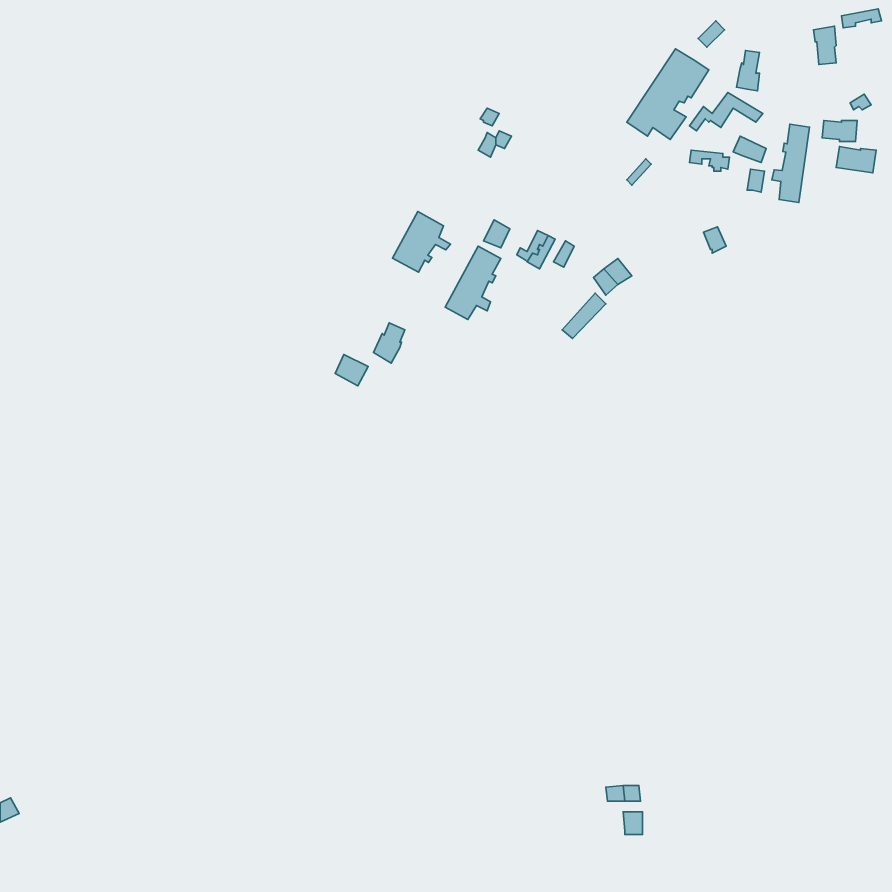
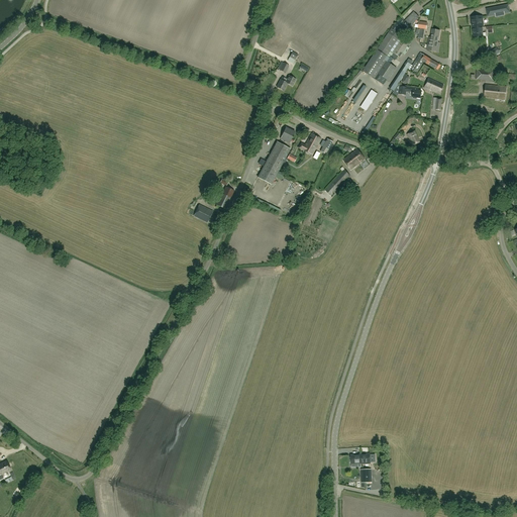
building: [772,124,809,202] -> none
building: [392,212,450,272] -> none

